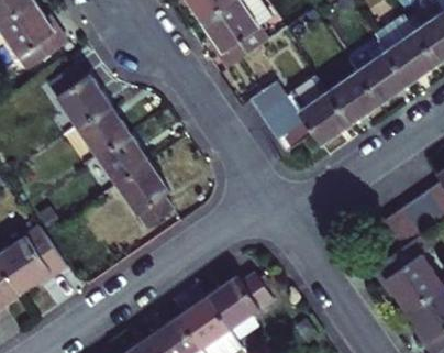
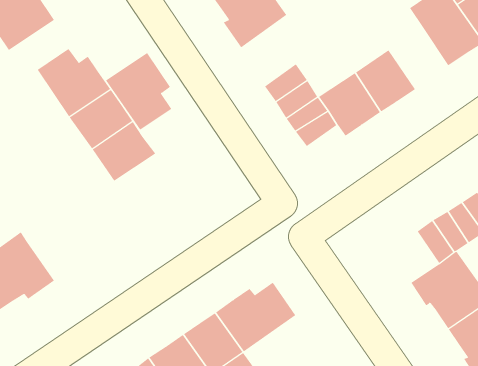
building: [354,51,404,103] -> none
building: [119,158,176,225] -> [105,52,172,131]

